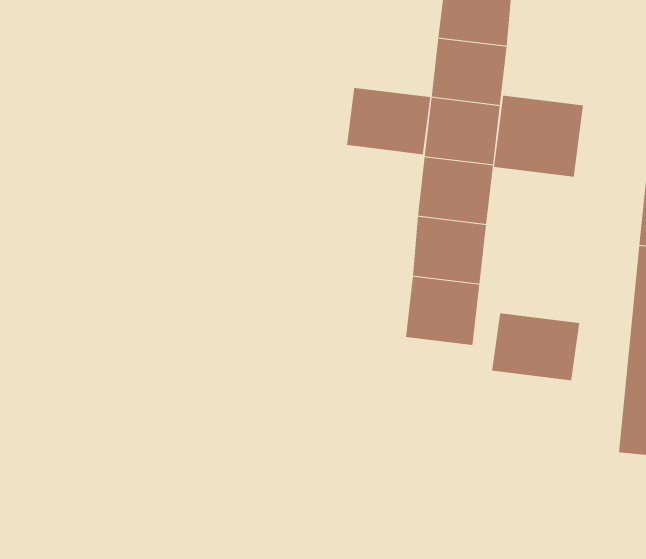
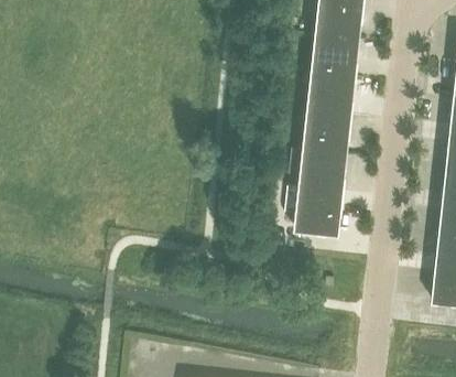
building: [346,87,431,155] -> none
building: [493,95,583,177] -> none
building: [492,312,580,381] -> none

